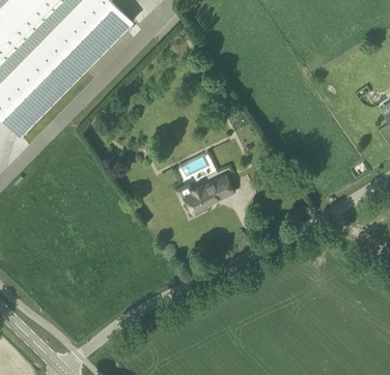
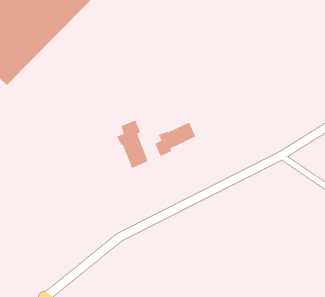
building: none -> [117,119,149,169]

